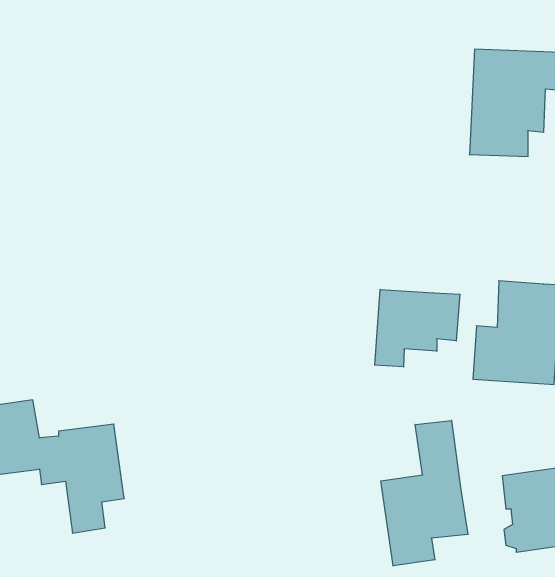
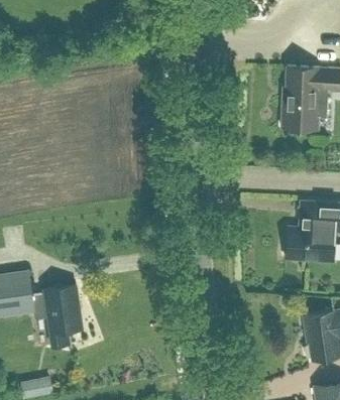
building: [375,289,460,367] -> none
building: [381,420,468,566] -> none

